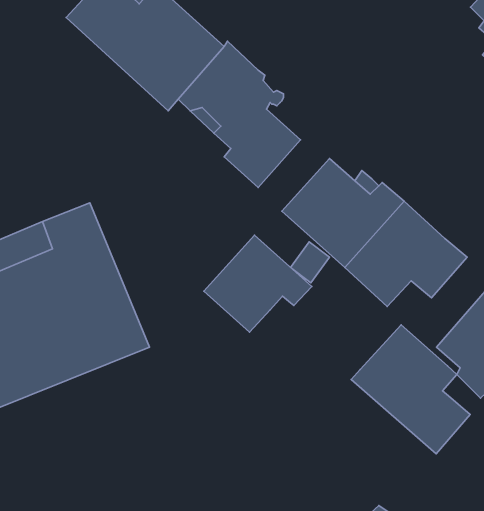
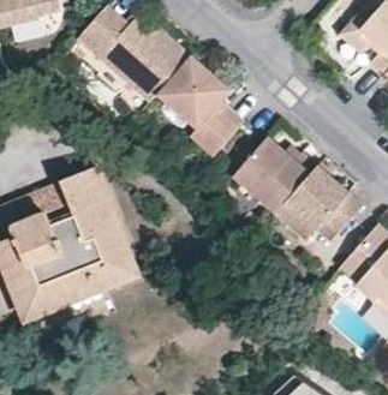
building: [204,235,312,332] -> none
building: [351,325,470,454] -> none

